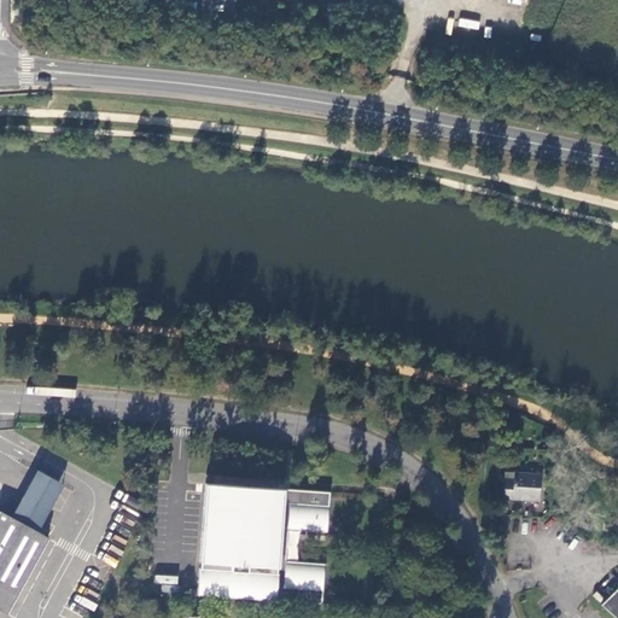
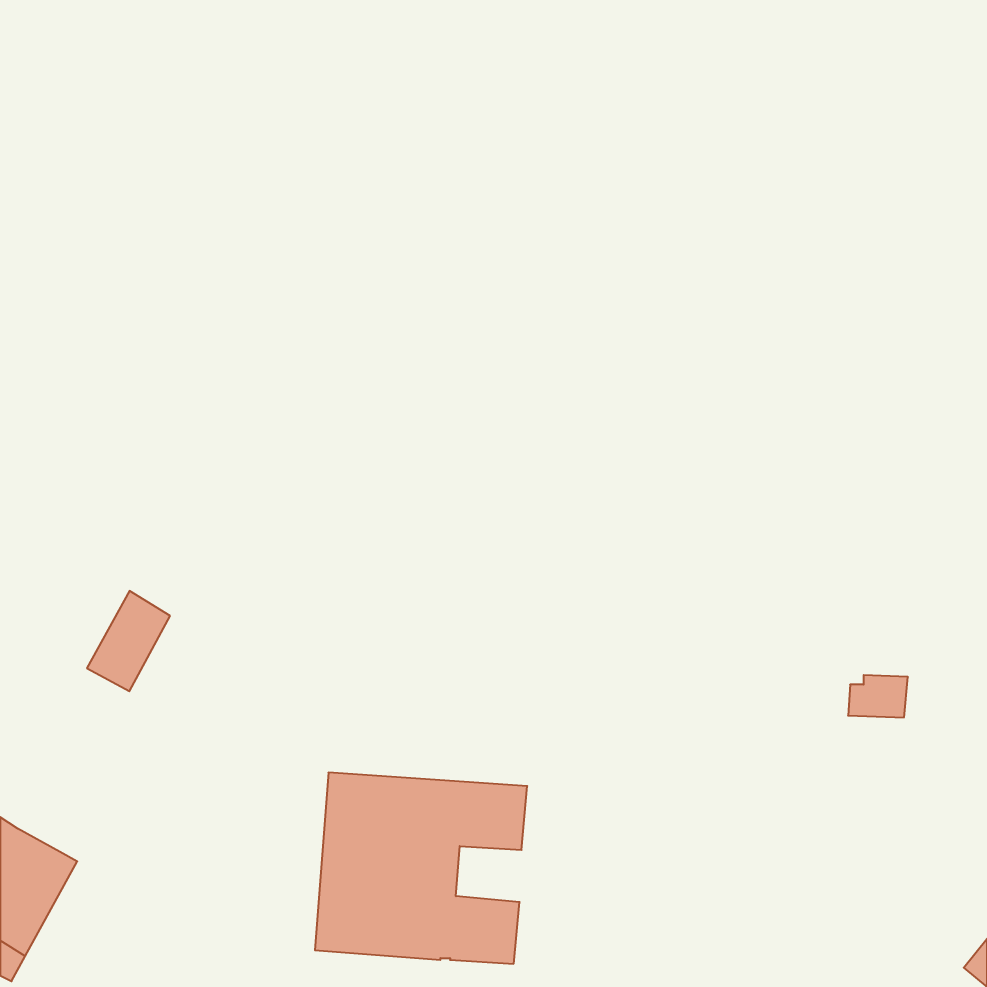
building: [11,470,63,532] -> [87,591,170,691]
building: [502,472,540,499] -> [848,675,908,717]

